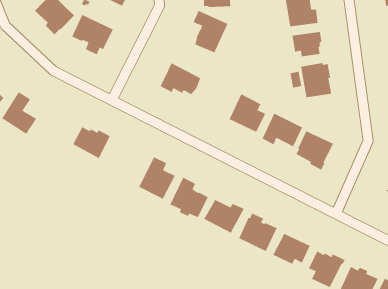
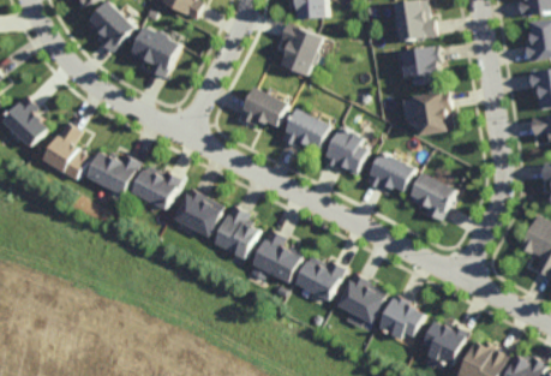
building: none -> [281,108,330,153]
building: none -> [85,151,139,192]
building: none -> [174,185,221,234]

